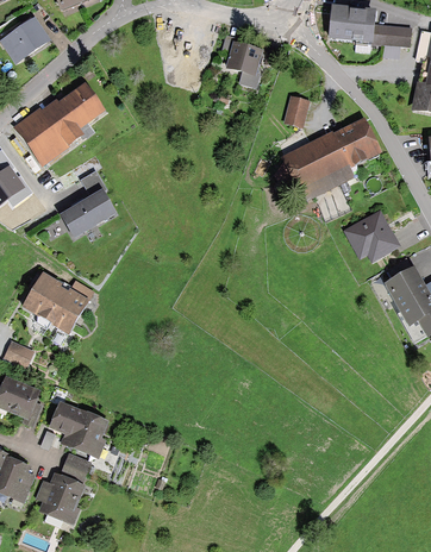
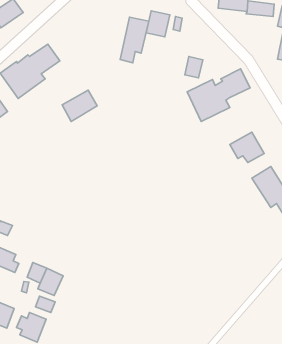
building: none -> [120,17,149,63]
building: [63,193,114,238] -> [62,90,97,121]
building: [25,276,87,333] -> none

